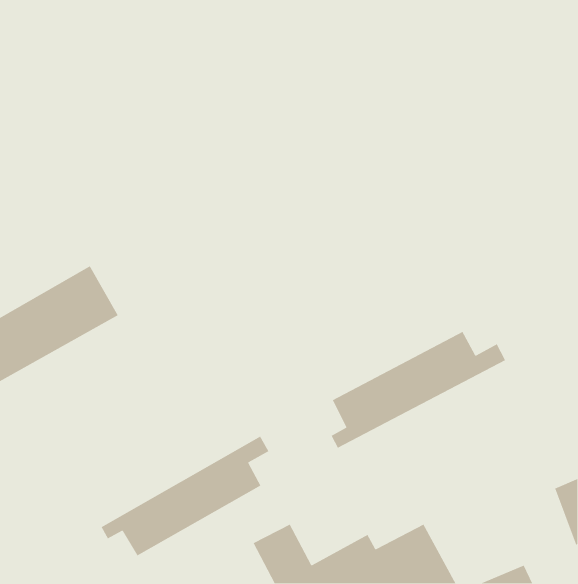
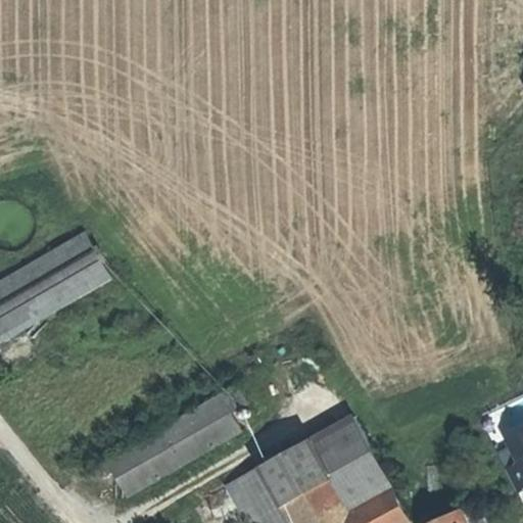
building: [330,331,506,449] -> none
building: none -> [259,417,379,505]

